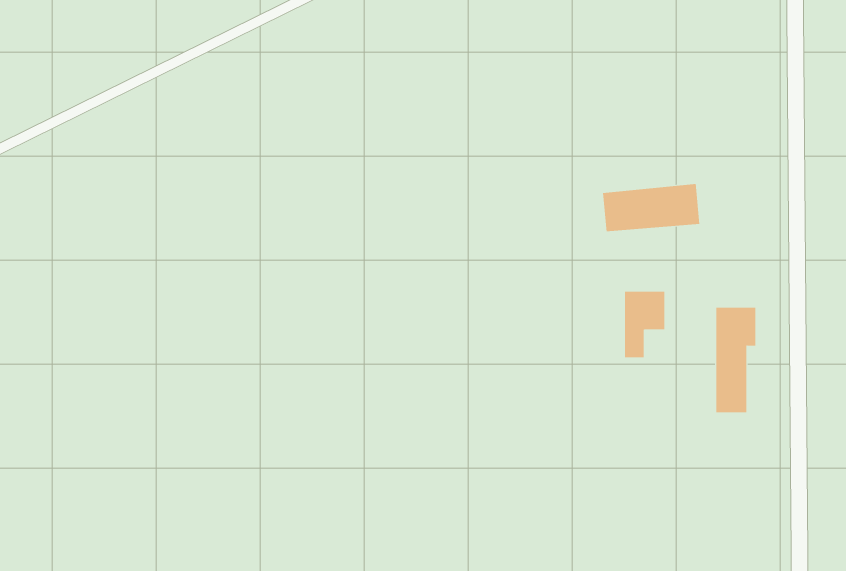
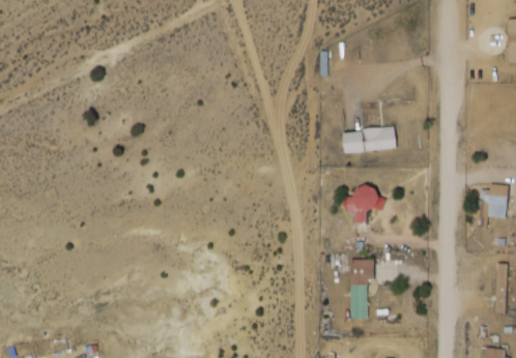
building: [716,307,756,413] -> [350,260,373,319]

